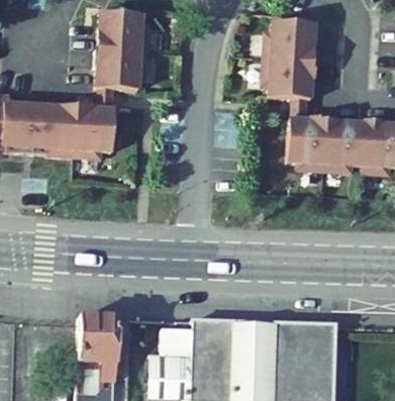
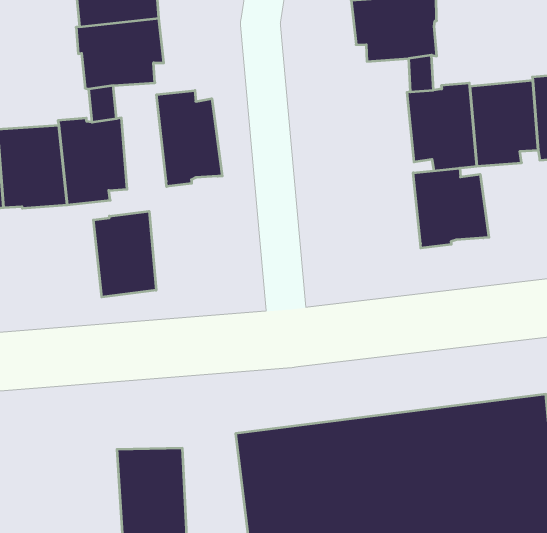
building: none -> [157,90,222,187]
building: none -> [93,211,156,297]
building: none -> [413,168,489,248]

